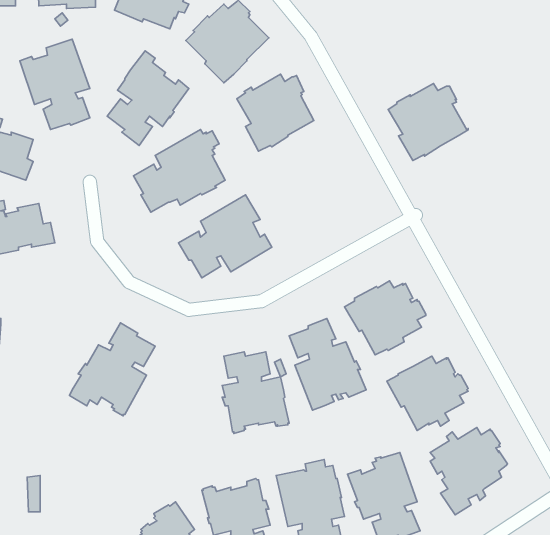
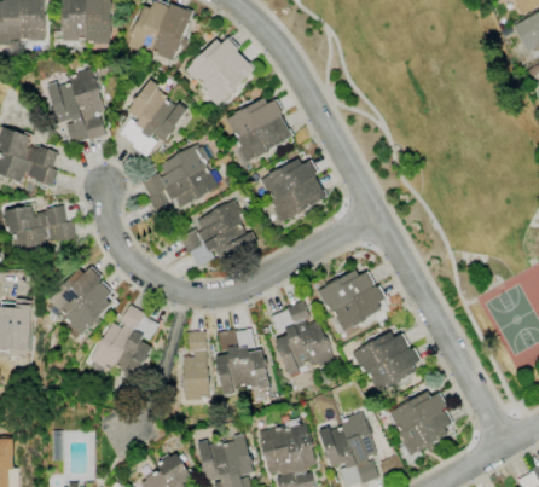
building: [388,83,468,160] -> [260,158,326,222]
building: none -> [45,266,112,338]
building: none -> [180,331,209,400]

